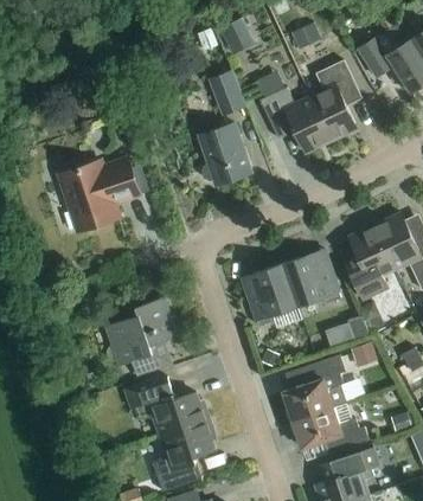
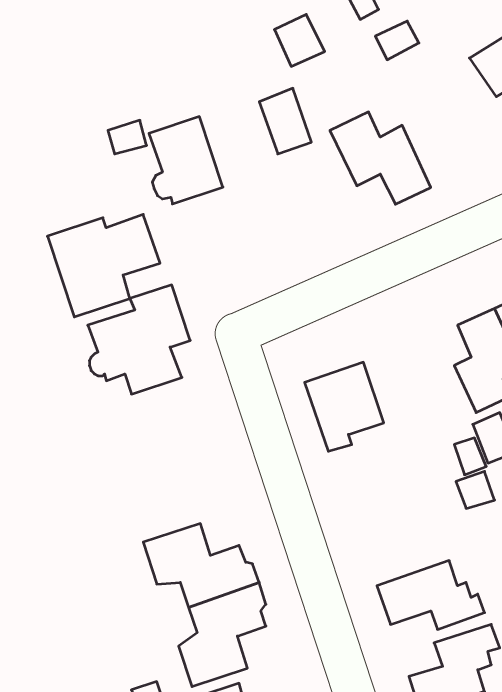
building: [310,60,361,140] -> none
building: [199,123,251,185] -> [149,117,223,204]
building: [283,249,341,306] -> none
building: [105,297,178,374] -> [88,285,190,394]
building: [283,355,346,420] -> none

